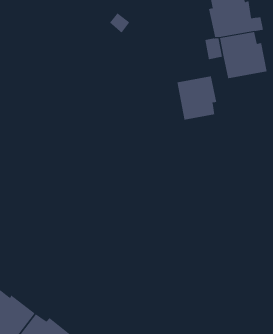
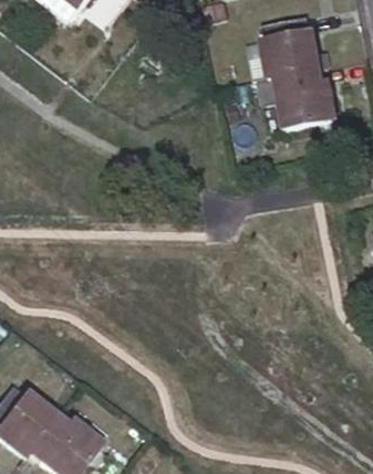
building: [177,76,217,121] -> none

